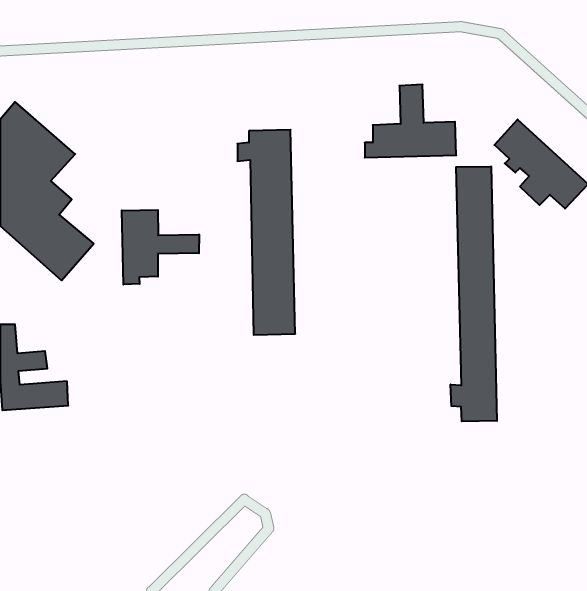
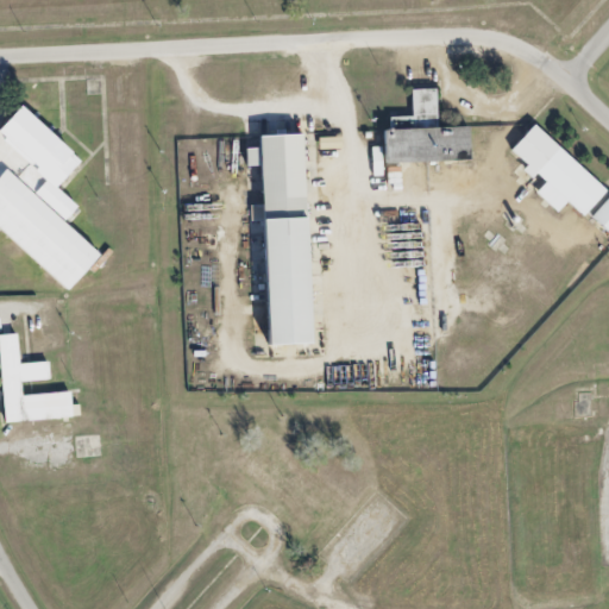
building: [451,166,497,421] -> none
building: [122,210,199,285] -> none

